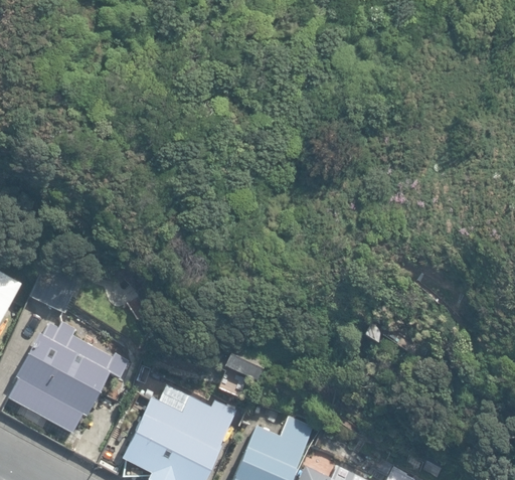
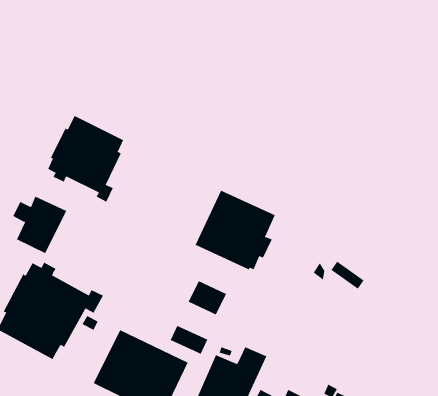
building: none -> [47,115,124,203]
building: none -> [195,190,276,270]

